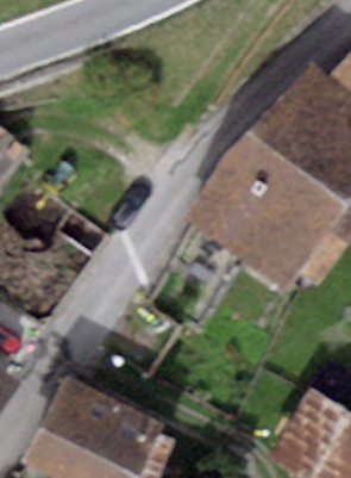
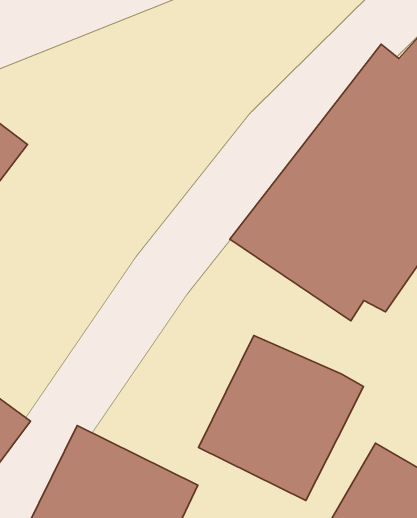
building: none -> [199,335,363,500]

